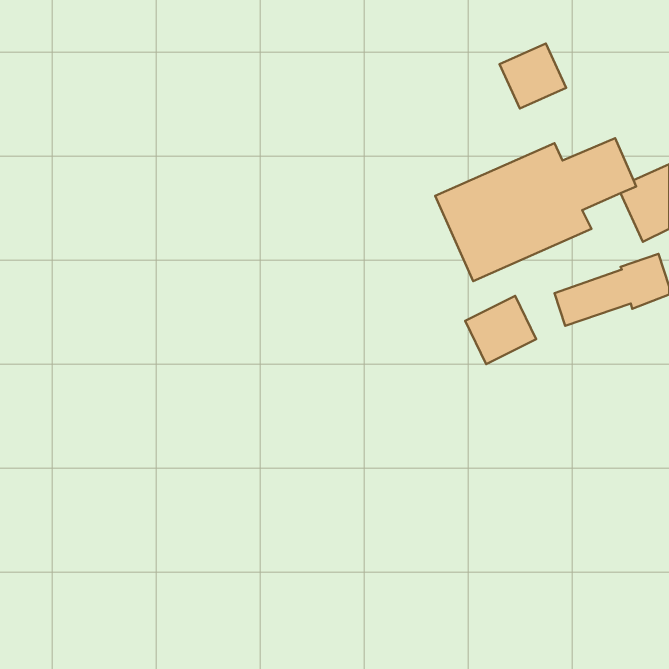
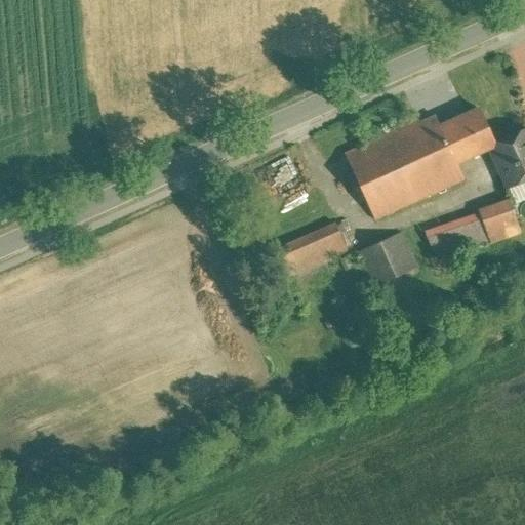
building: [500,44,566,108] -> none
building: none -> [291,220,353,270]

